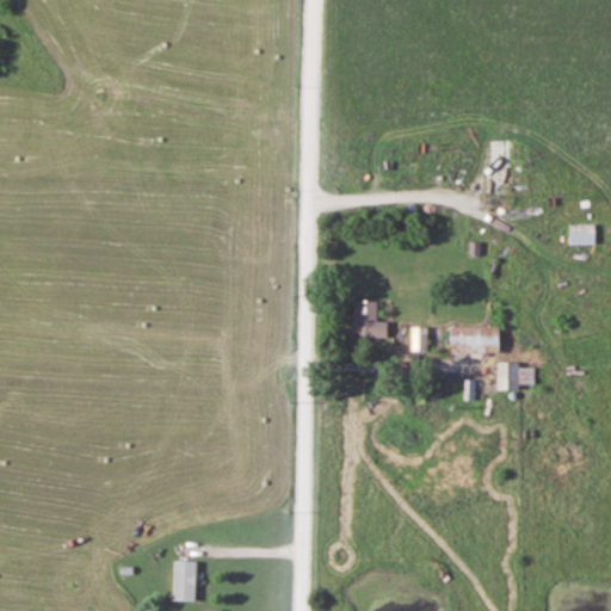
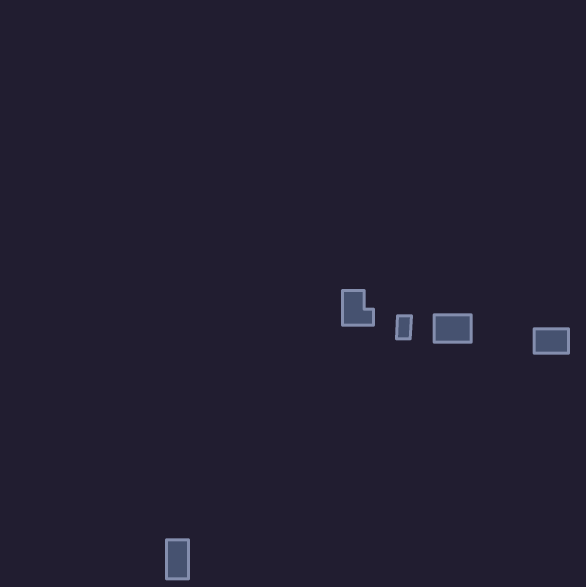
building: [569,224,595,245] -> none
building: [498,364,533,389] -> [534,329,569,353]

